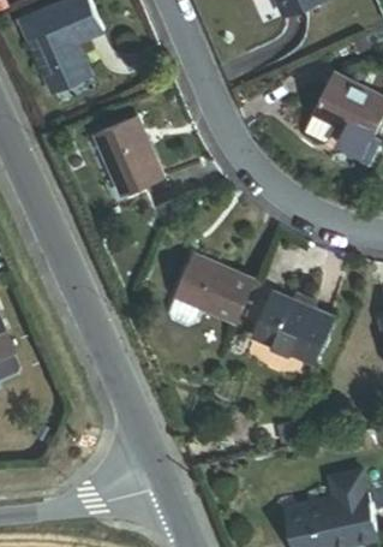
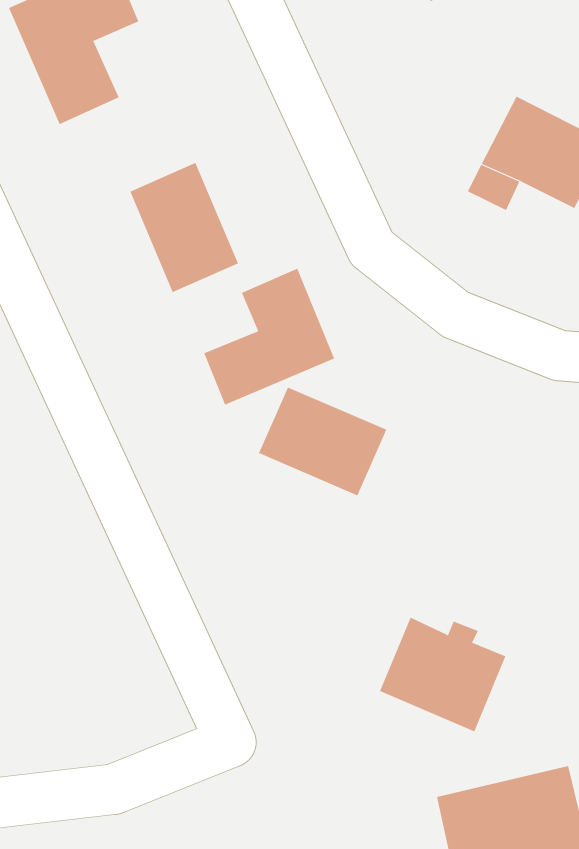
building: none -> [204,268,335,406]
building: [255,292,333,363] -> [379,617,506,732]

